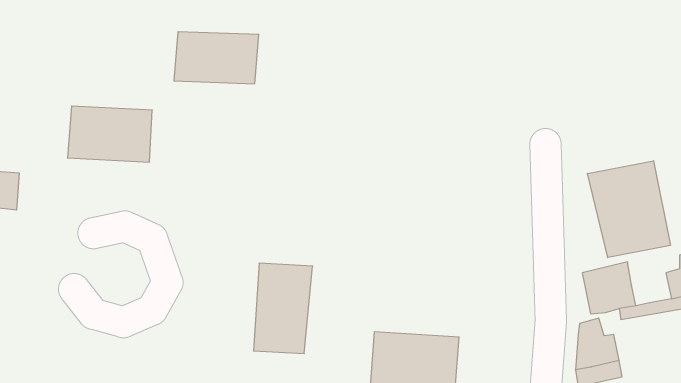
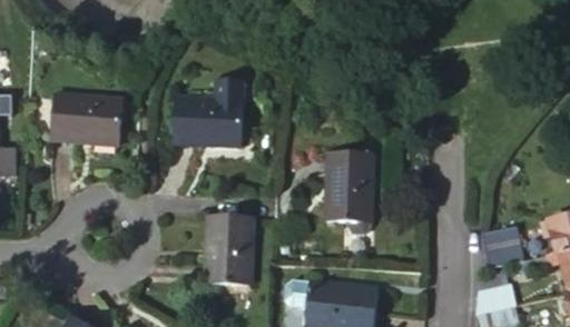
building: [174,32,259,84] -> [168,99,237,141]
building: [587,161,670,258] -> none
building: none -> [325,151,371,218]

